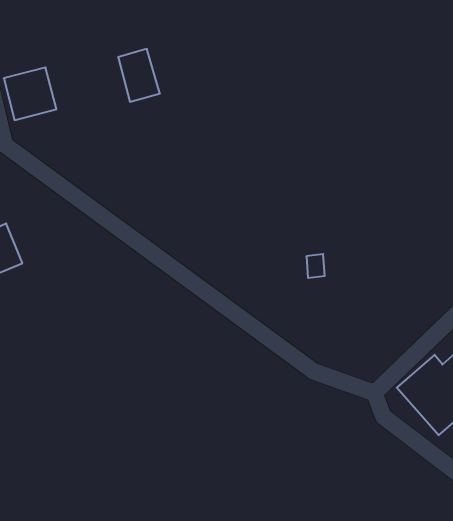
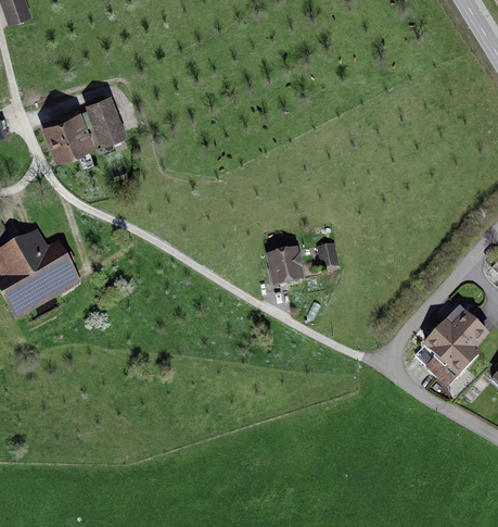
building: [118,49,160,102] -> [87,92,126,139]
building: none -> [269,249,303,285]

